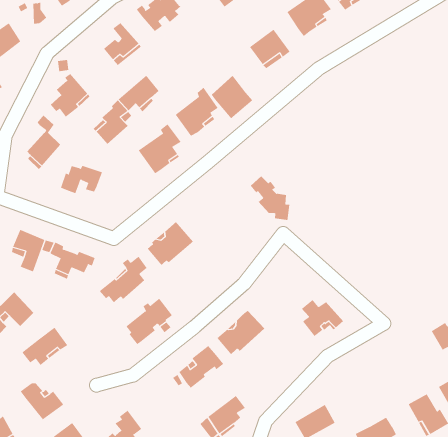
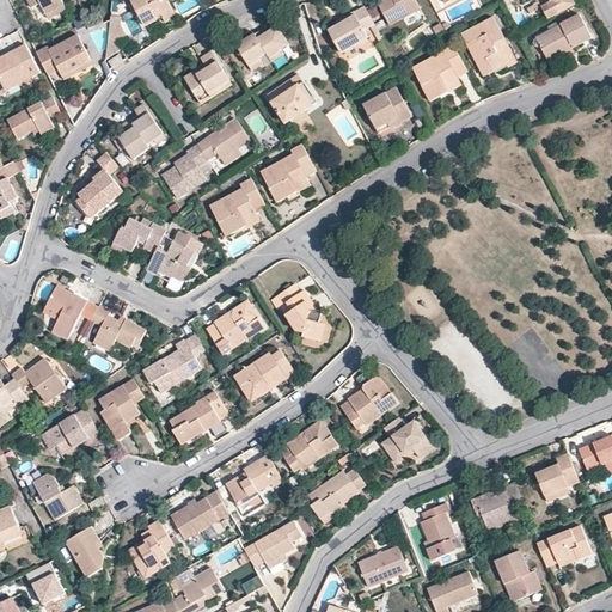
building: [211,75,253,119] -> [268,74,318,127]
building: none -> [145,233,203,280]
building: [250,175,290,221] -> [277,283,323,342]
building: none -> [232,348,292,400]
building: none -> [339,377,396,427]
building: none -> [97,378,142,440]
building: none -> [470,482,521,532]
building: none -> [307,469,365,518]
building: none -> [418,502,453,559]
building: none -> [169,491,227,539]

